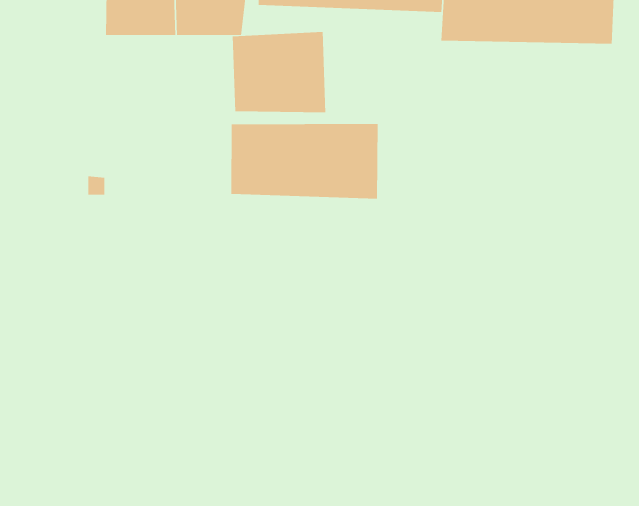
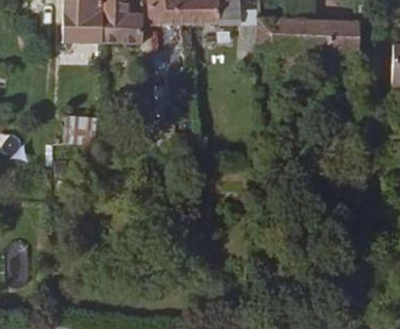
building: [232,31,326,113] -> none
building: [231,123,378,200] -> none

